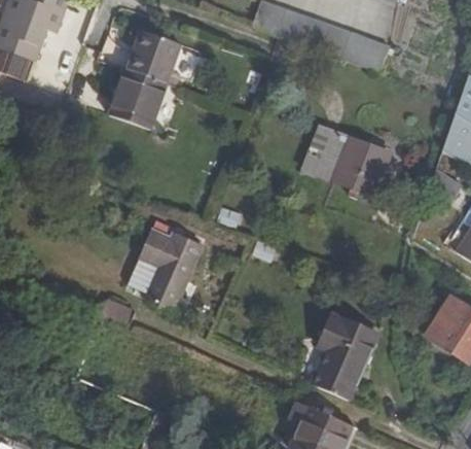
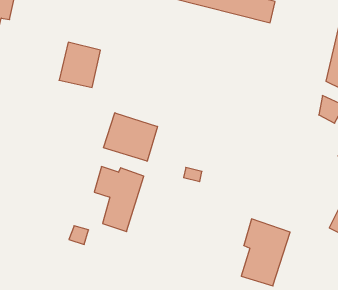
building: [125,30,178,82] -> none
building: [300,127,387,195] -> none
building: none -> [103,113,157,161]

